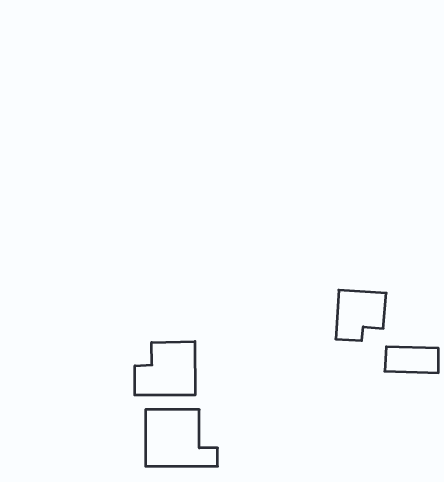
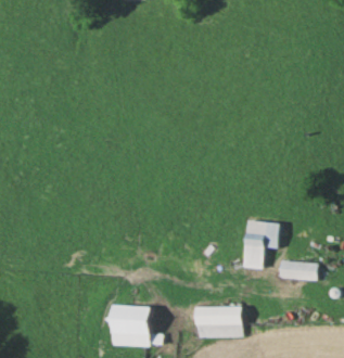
building: [135,341,195,395] -> none
building: none -> [195,307,240,337]

